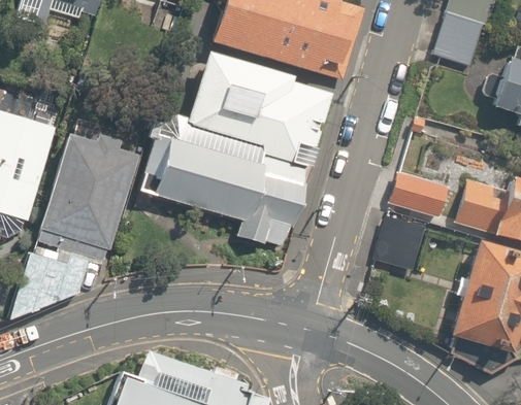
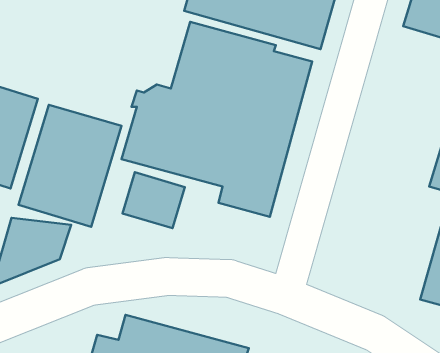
building: [389,173,447,217] -> none
building: none -> [123,172,185,228]
building: [373,210,424,269] -> none

